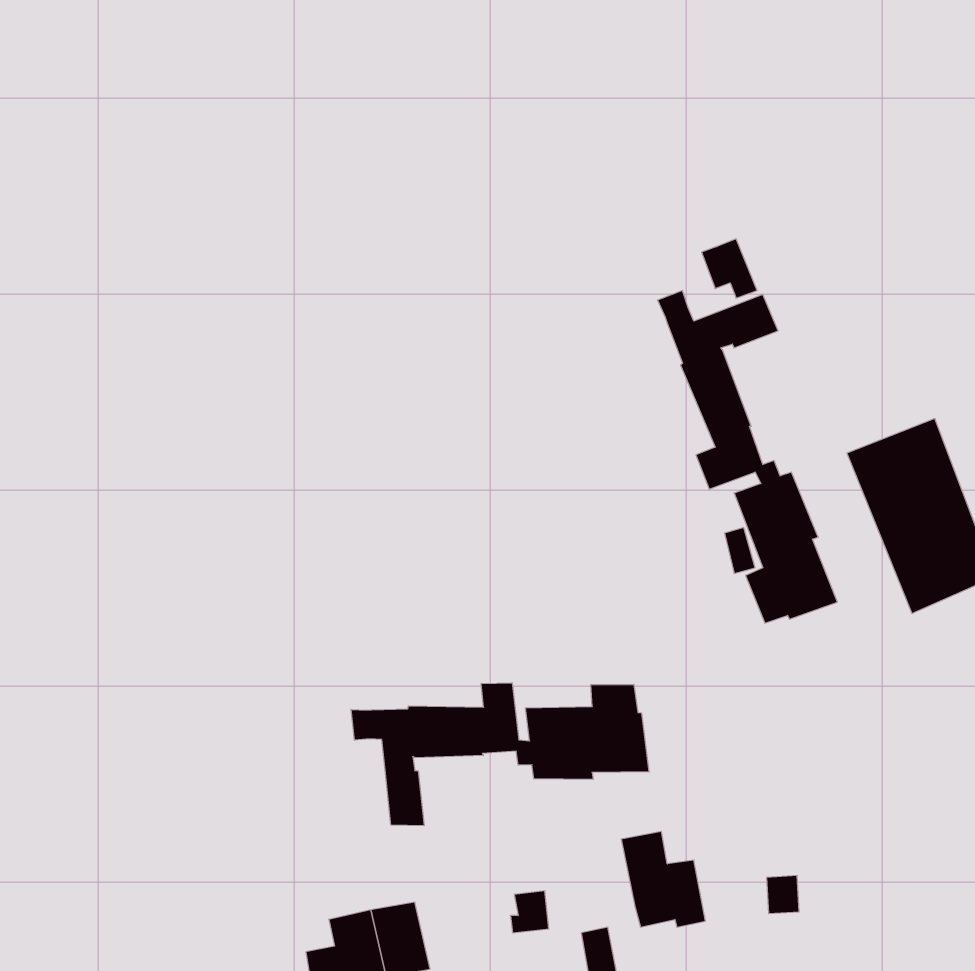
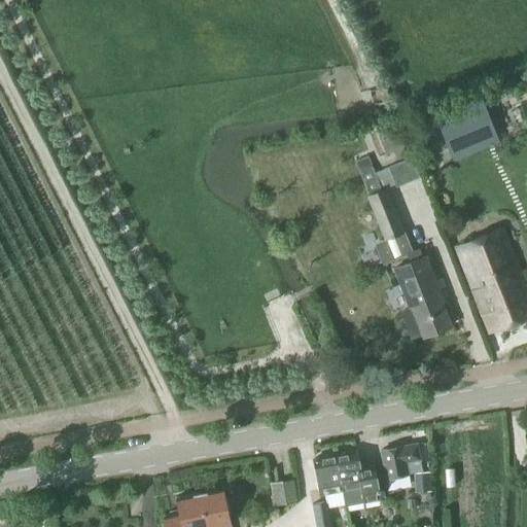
building: none -> [438,107,498,163]
building: [351,683,649,826] -> none
building: none -> [382,444,421,479]
building: none -> [316,455,343,495]

